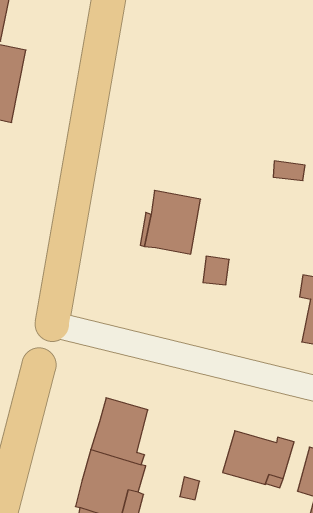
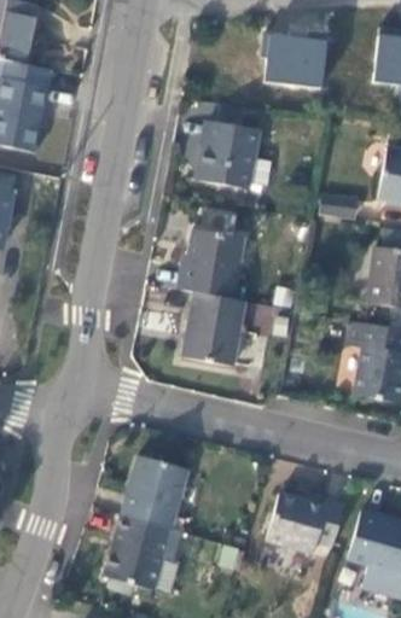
building: none -> [262,30,329,87]
building: none -> [196,121,258,188]
building: none -> [180,290,243,365]

